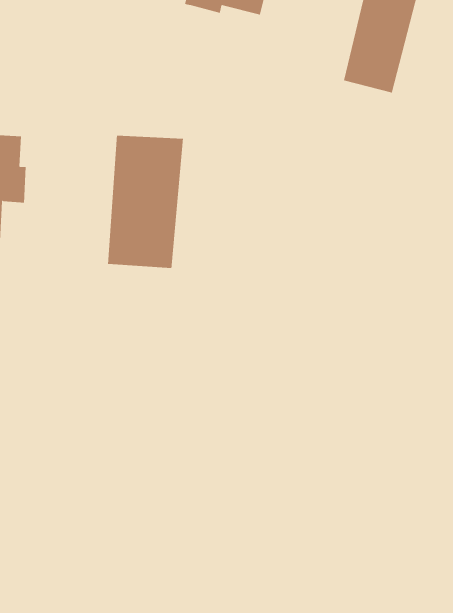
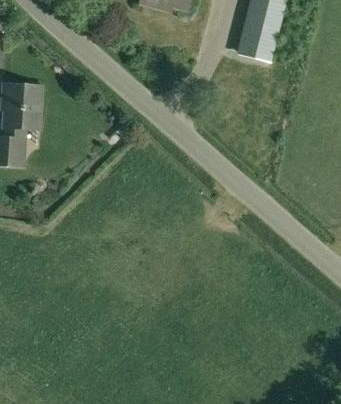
building: [107,135,183,269] -> none

